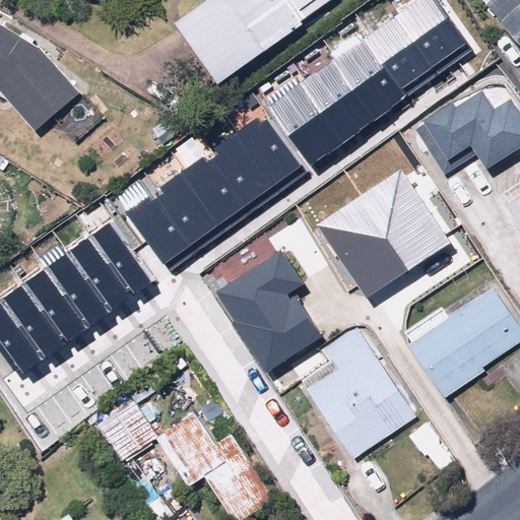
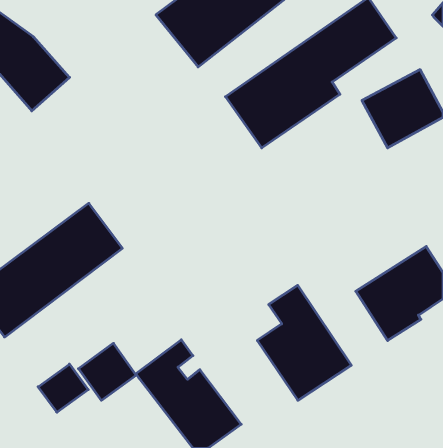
building: [118,125,296,277] -> none
building: [318,173,441,295] -> none
building: [217,247,327,375] -> none
building: none -> [38,364,88,412]

